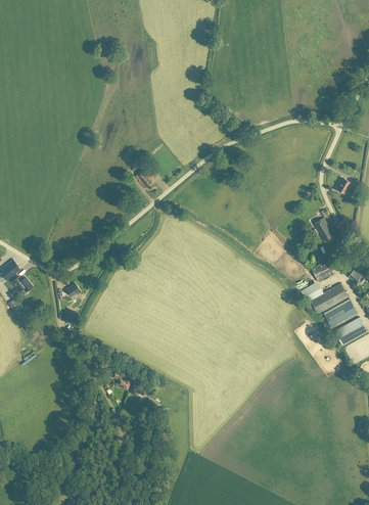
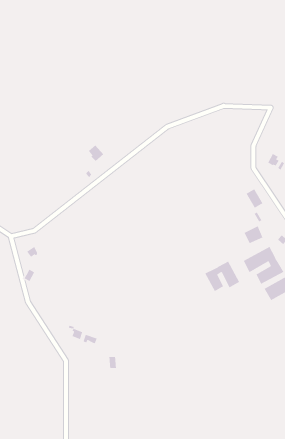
building: none -> [204,260,240,292]

